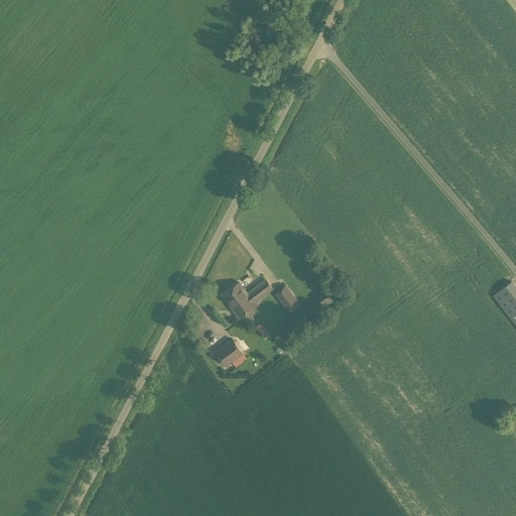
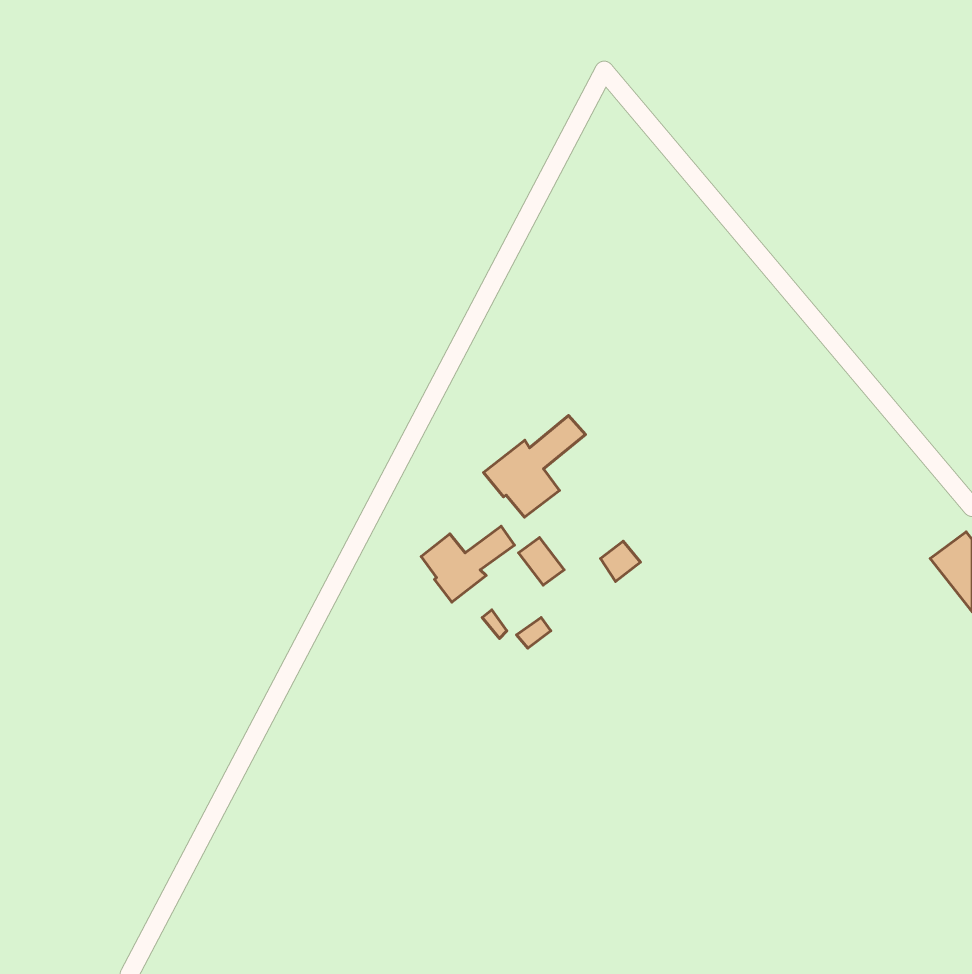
building: none -> [484,415,585,517]
building: [215,339,245,373] -> none

